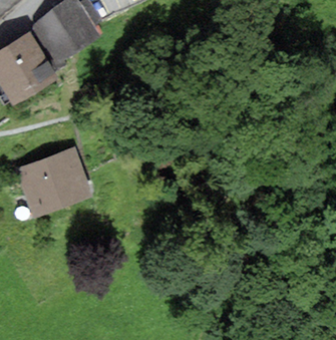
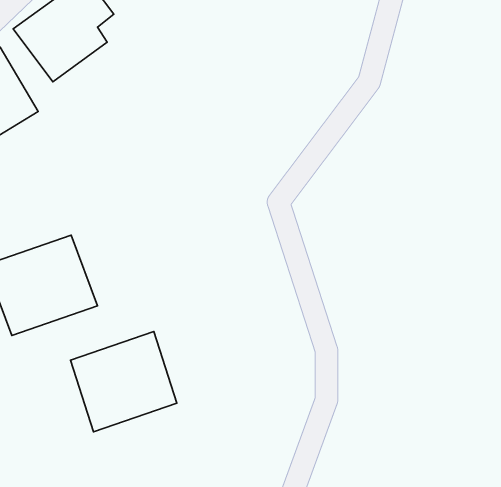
building: none -> [71,331,177,432]

